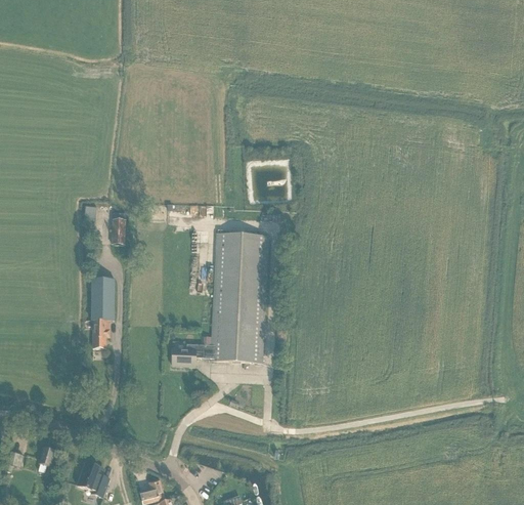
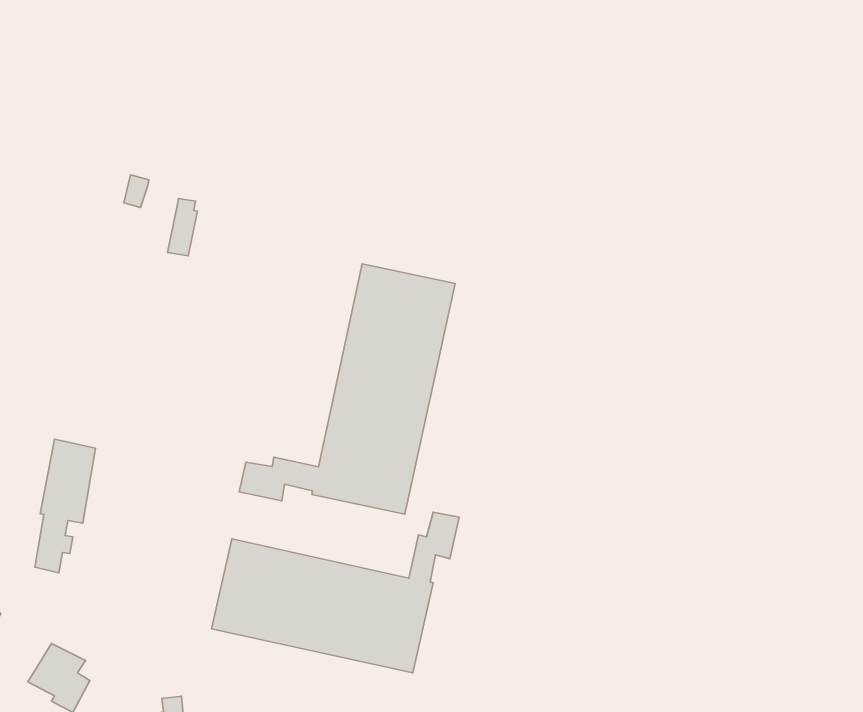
building: [90,277,114,347] -> [35,439,95,573]
building: none -> [212,512,459,673]

